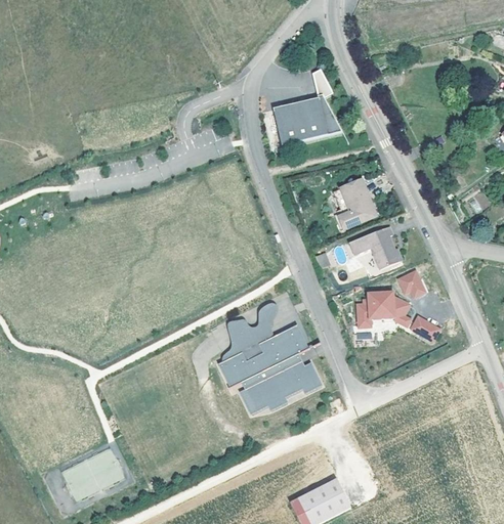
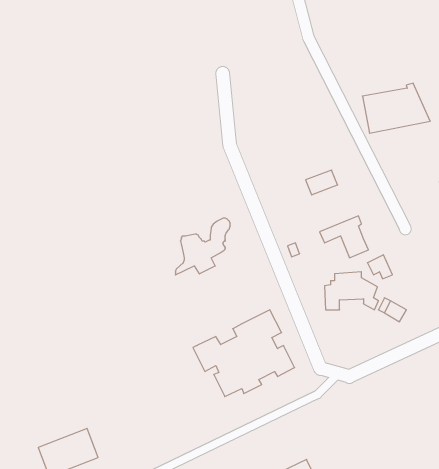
building: [272,92,342,143] -> [362,83,430,133]
building: [334,196,376,231] -> none
building: [223,303,280,361] -> [175,218,230,275]

